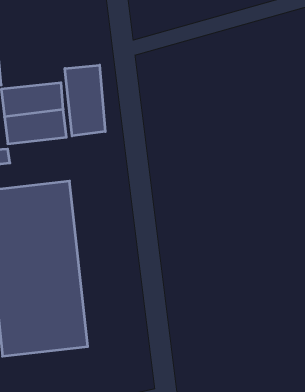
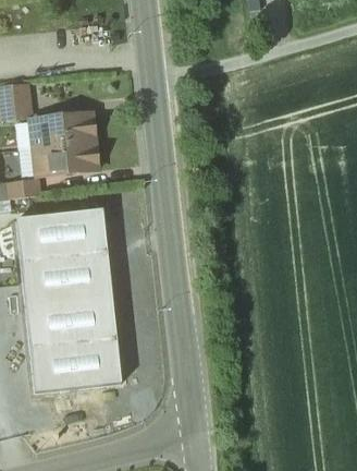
building: [65,65,105,136] -> none

